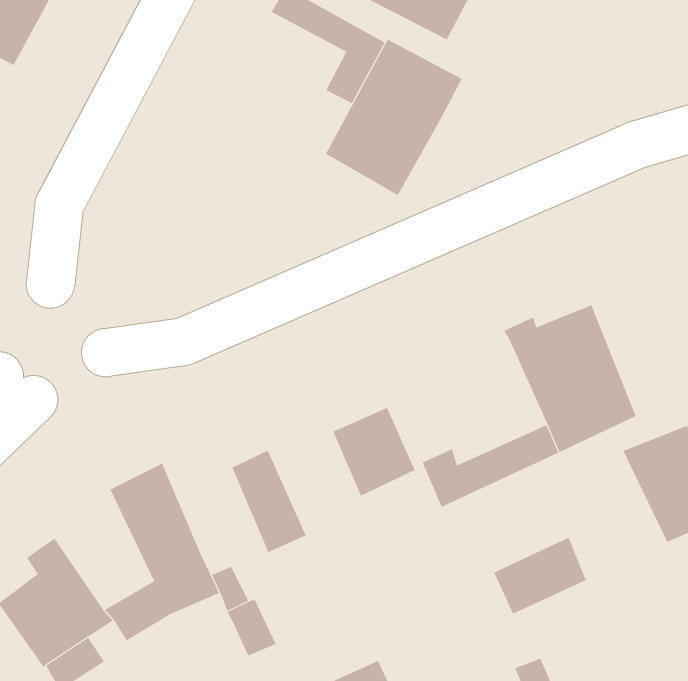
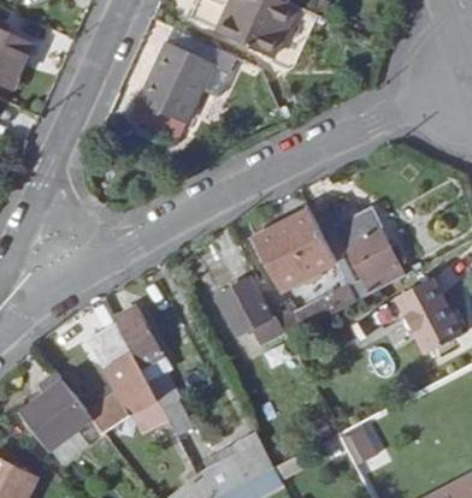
building: [325,39,462,196] -> [132,43,213,138]
building: none -> [256,209,337,289]
building: [231,450,307,553] -> [117,309,165,372]
building: [494,537,587,614] -> none

